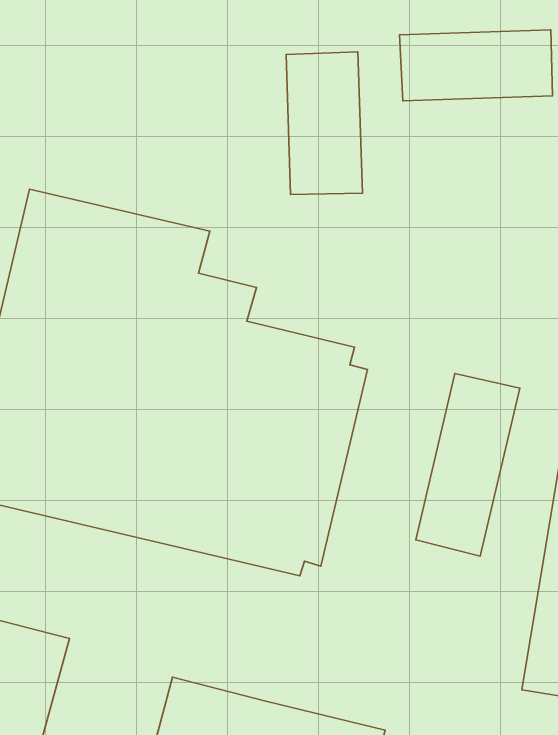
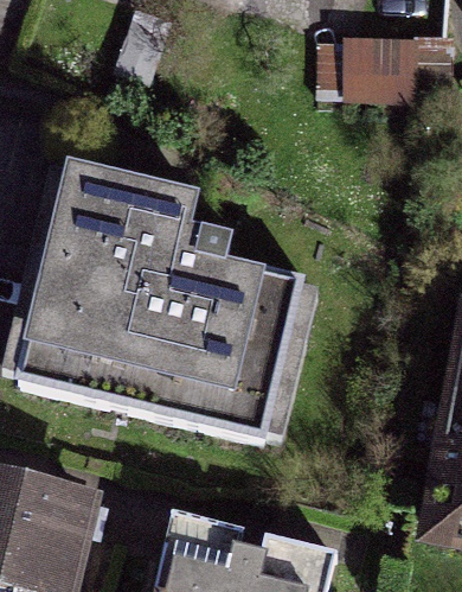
building: [286,52,362,195] -> none
building: [416,373,520,556] -> none

